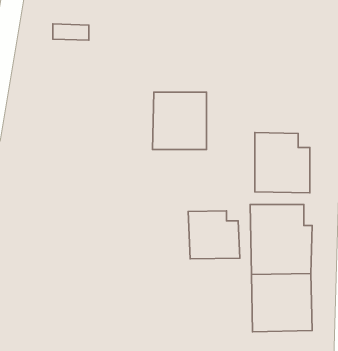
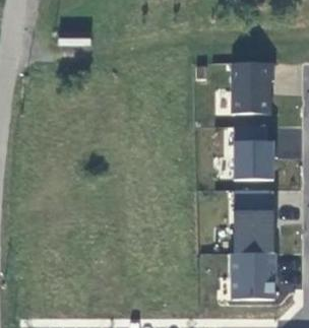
building: [153,92,206,149] -> [229,65,275,115]
building: [188,211,240,259] -> none

